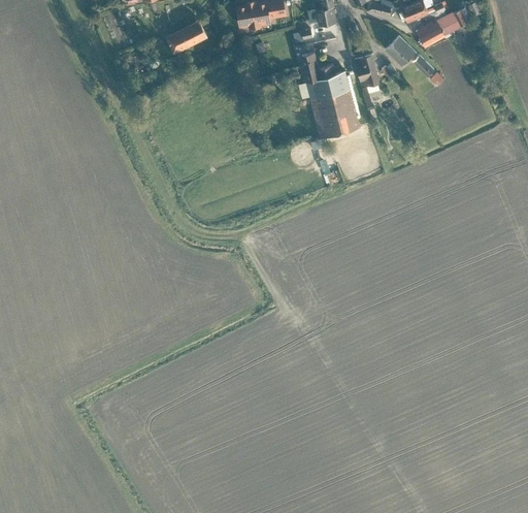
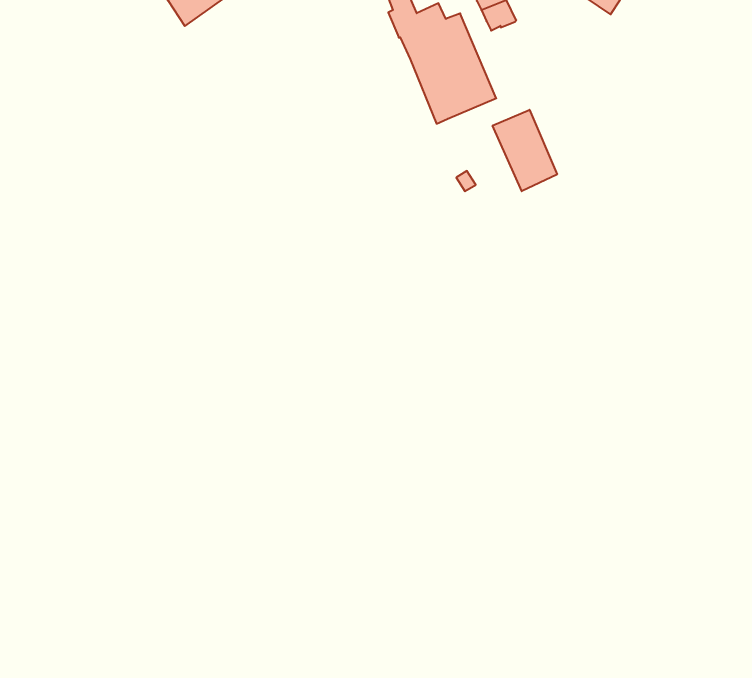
building: none -> [493,110,557,191]

